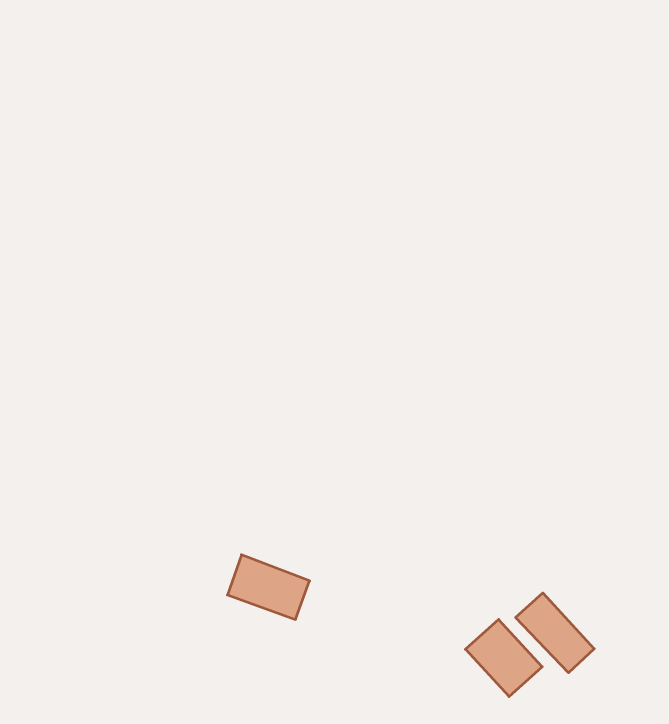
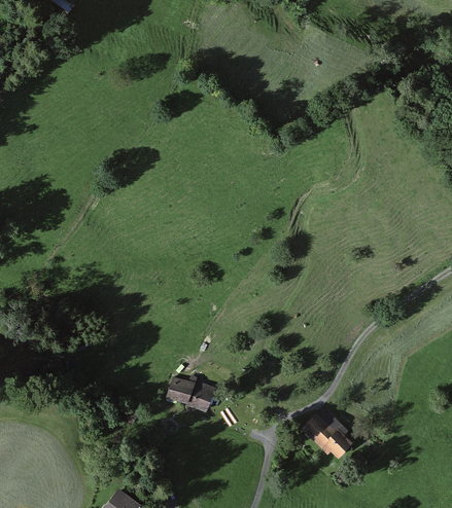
building: [516,593,594,673] -> none

